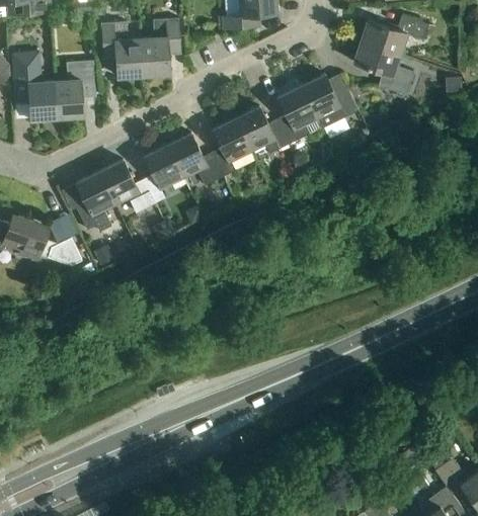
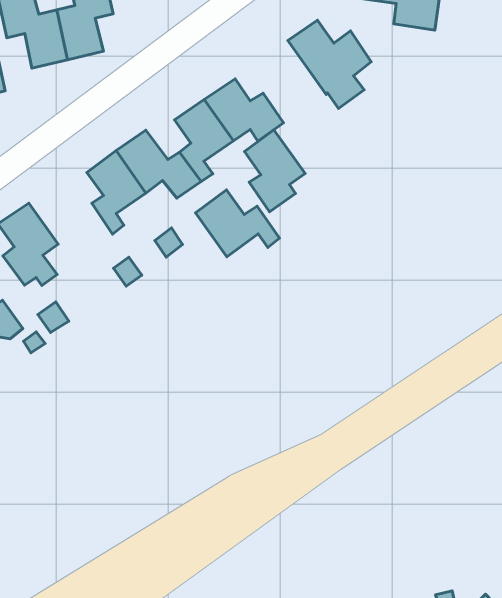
building: [278,85,319,143] -> [244,130,305,212]
building: [100,159,156,211] -> none
building: none -> [195,190,280,257]

